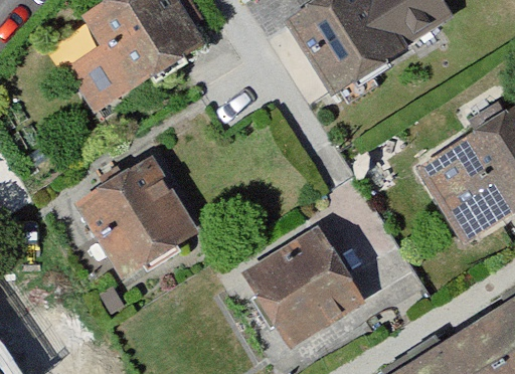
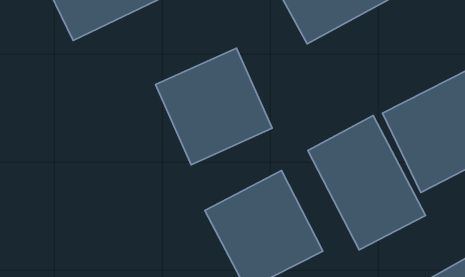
building: [72,155,196,278] -> [155,48,272,165]
building: none -> [308,115,425,250]

